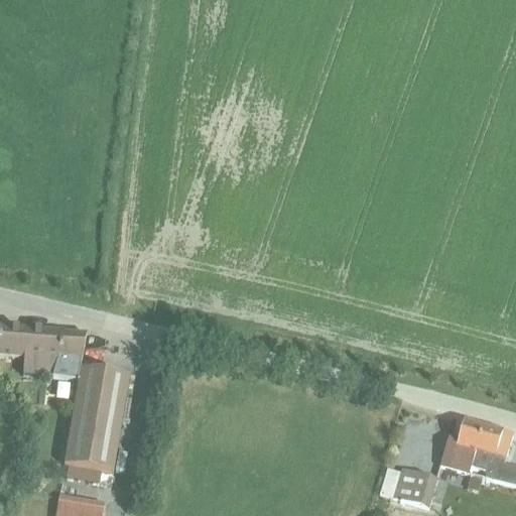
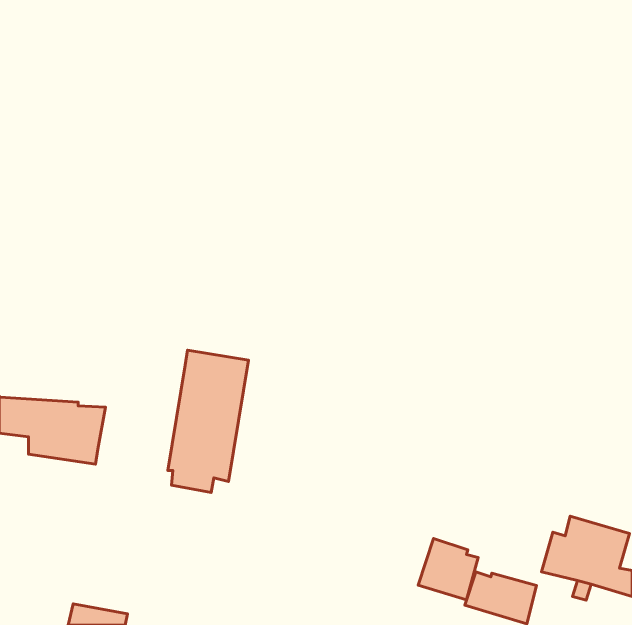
building: [63,366,129,482] -> [168,350,248,493]
building: none -> [418,538,478,600]

